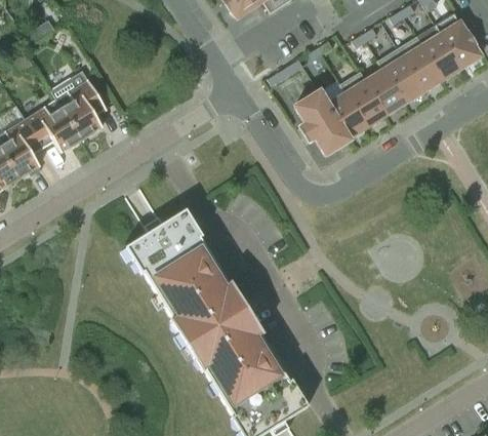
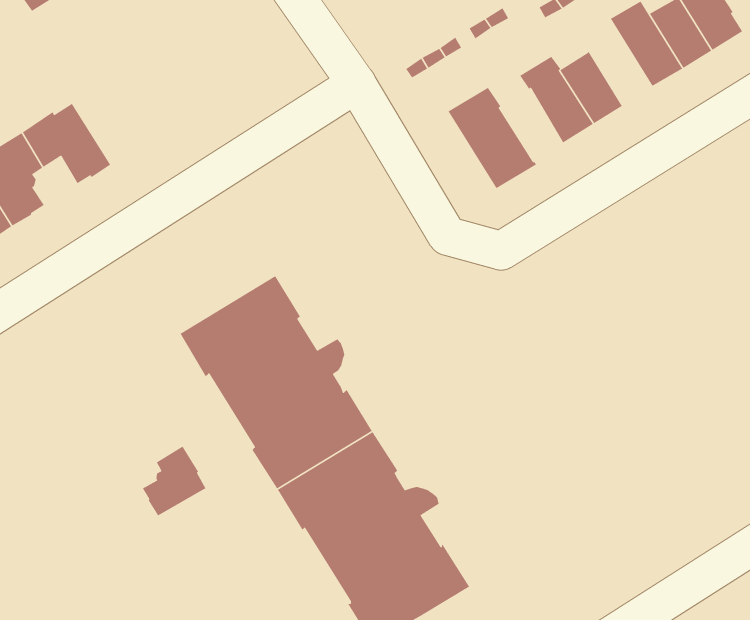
building: [377,47,423,103] -> none
building: [51,70,107,140] -> none
building: [327,91,367,137] -> none
building: none -> [142,445,207,516]

